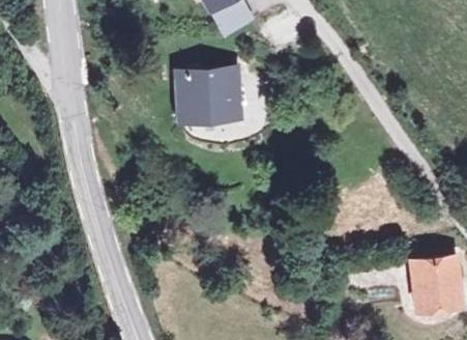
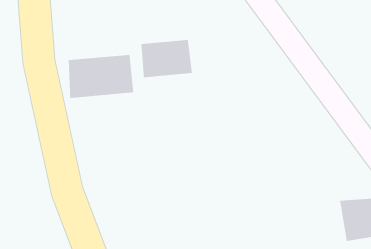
building: none -> [68,54,134,99]

